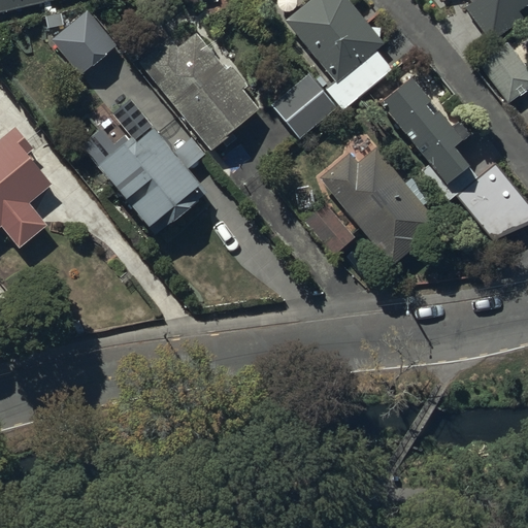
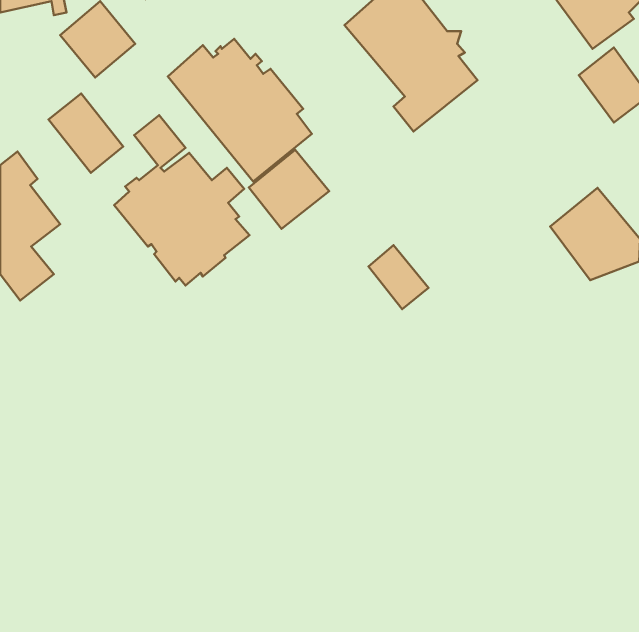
building: [271,72,337,137] -> [249,150,329,229]
building: none -> [49,93,123,173]
building: [378,79,469,187] -> none
building: [319,147,438,266] -> none

